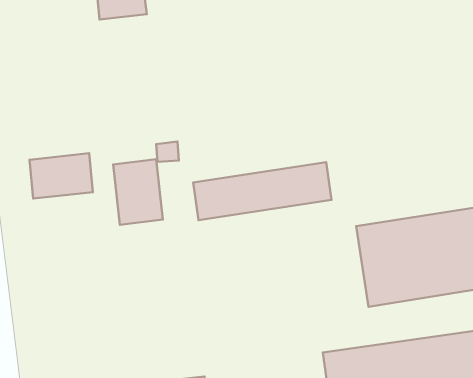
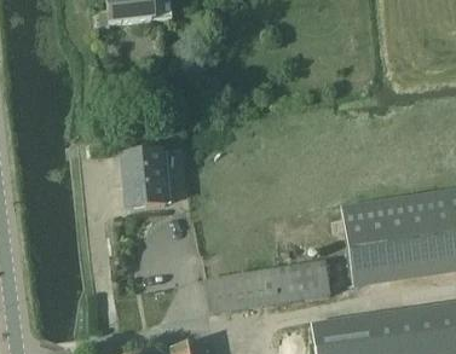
building: [29,153,93,199] -> none
building: [193,162,332,220] -> [204,261,329,313]

